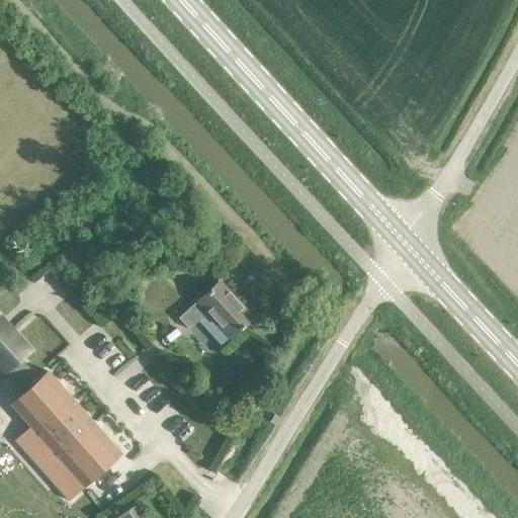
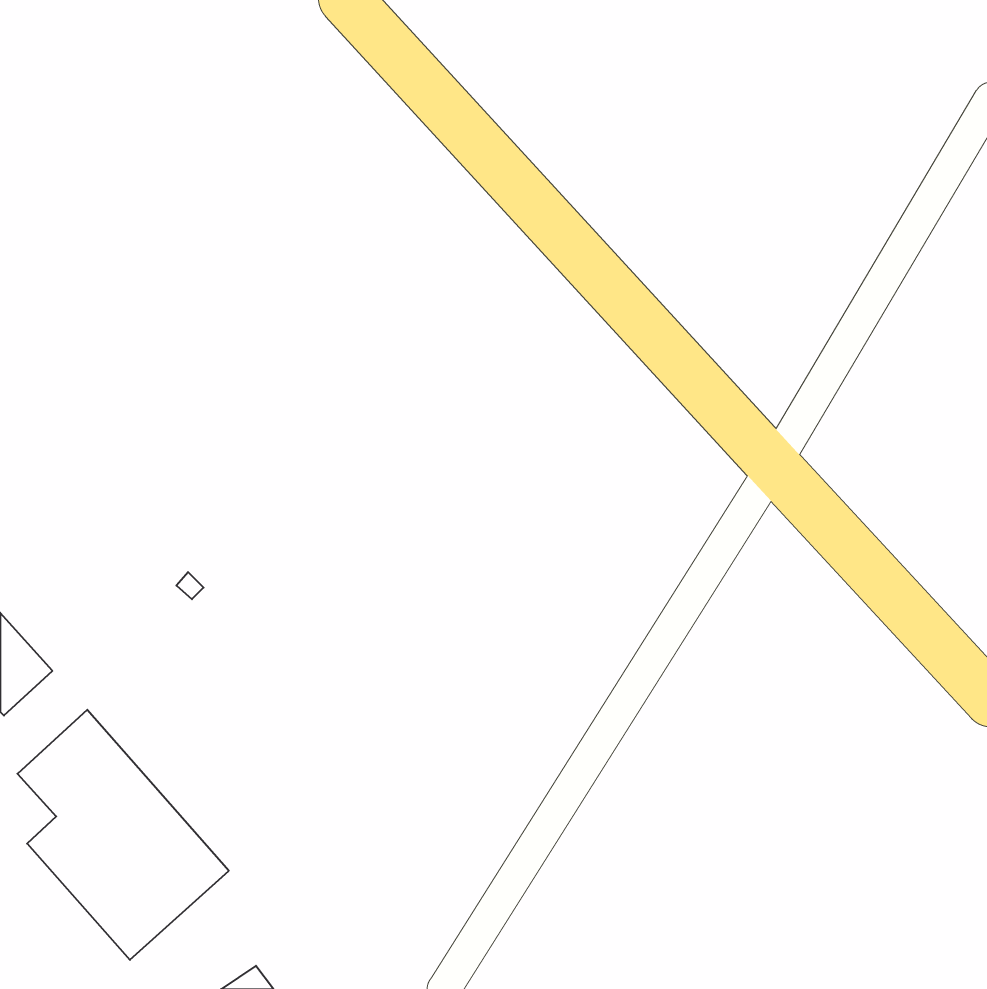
building: [179,281,252,346] -> none

